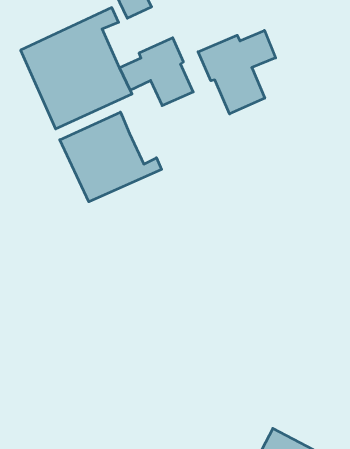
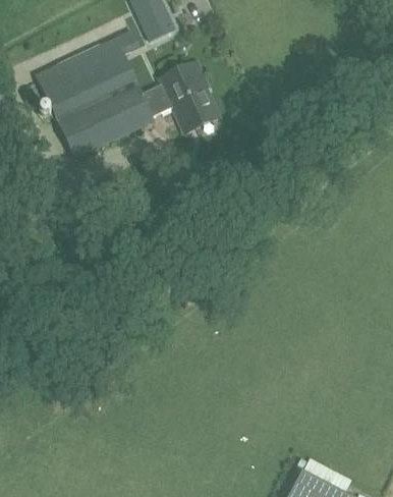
building: [198,30,276,114] -> none
building: [60,112,162,202] -> none

